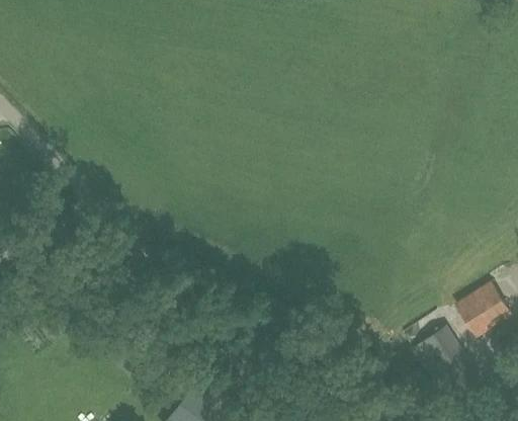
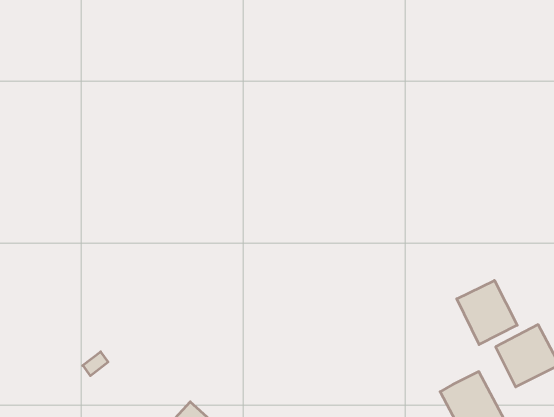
building: none -> [457,280,517,345]

